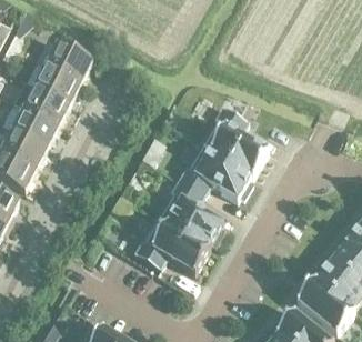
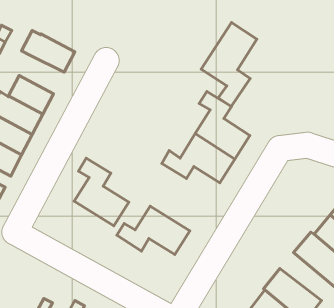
building: none -> [201,22,257,106]
building: [32,67,79,107] -> none
building: [168,179,224,249] -> [74,158,129,226]

